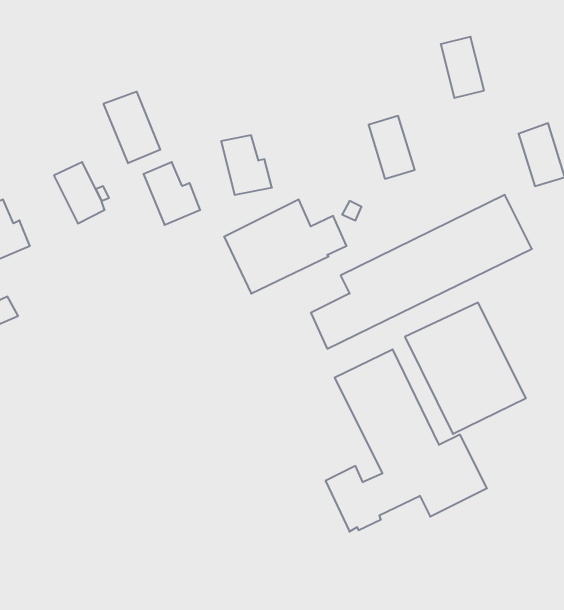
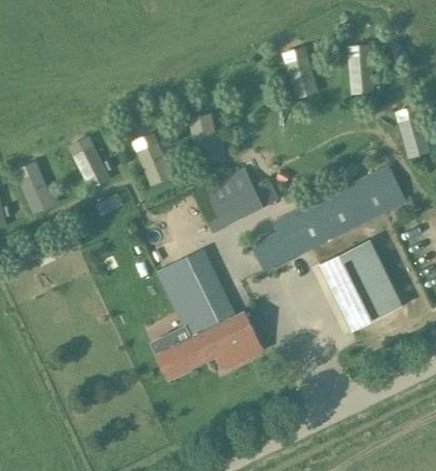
building: [104,92,160,163] -> none
building: [368,116,415,179] -> [285,55,318,99]
building: [326,349,487,532] -> [152,252,264,378]

